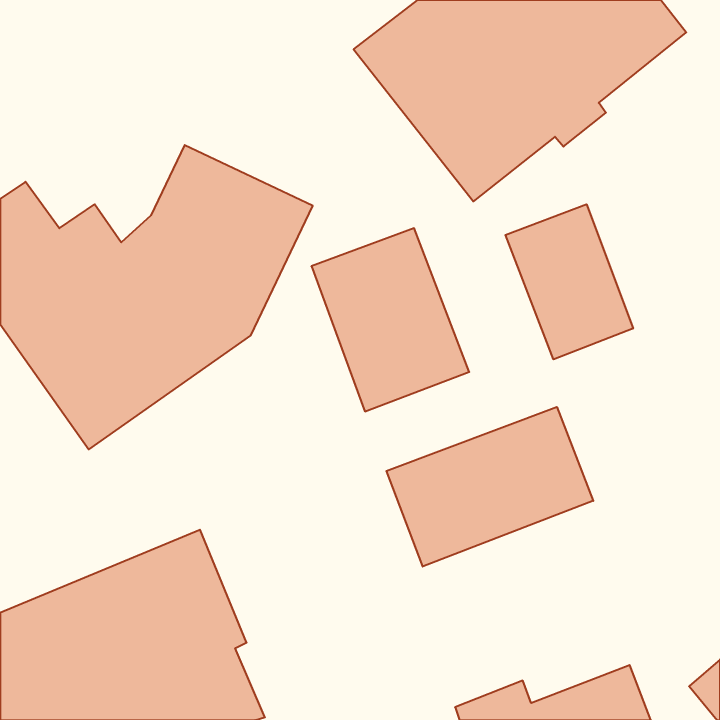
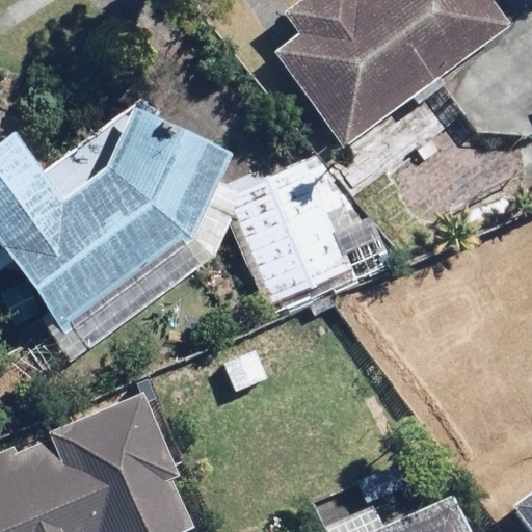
building: [505,204,633,359] -> none
building: [386,407,593,567] -> none

